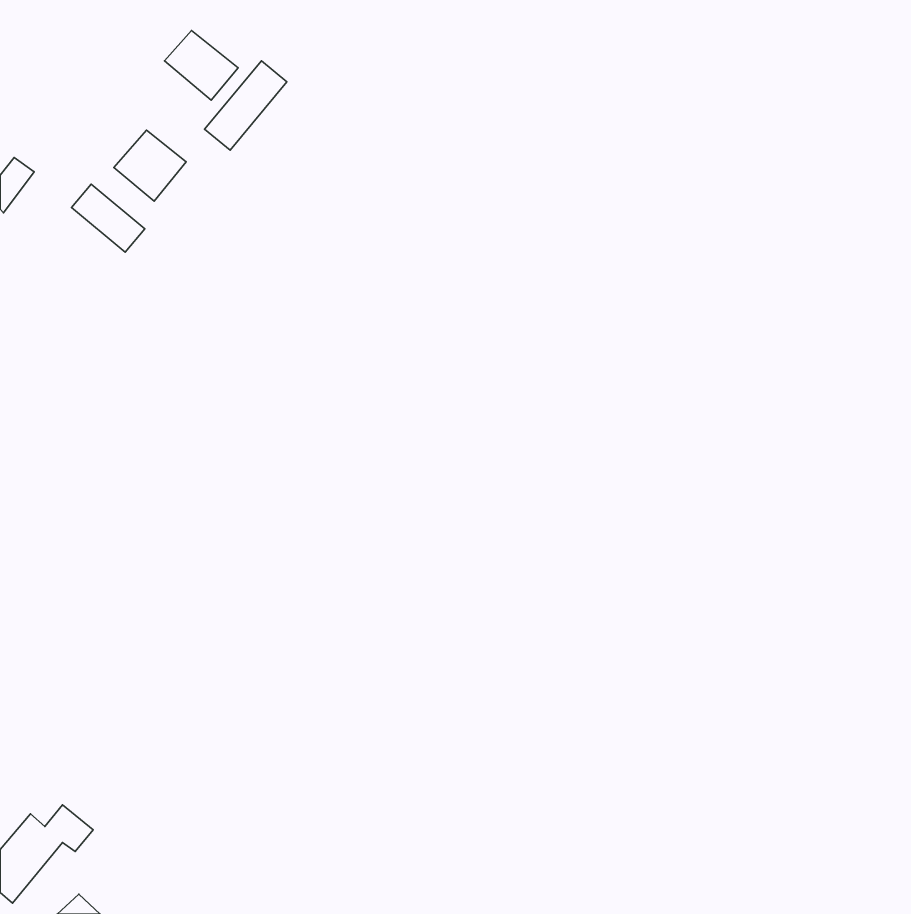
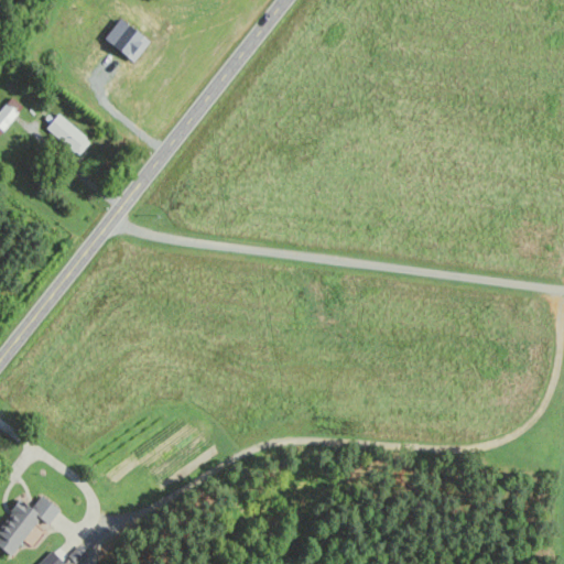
building: [205,61,287,150] -> none
building: [114,130,186,201] -> none

